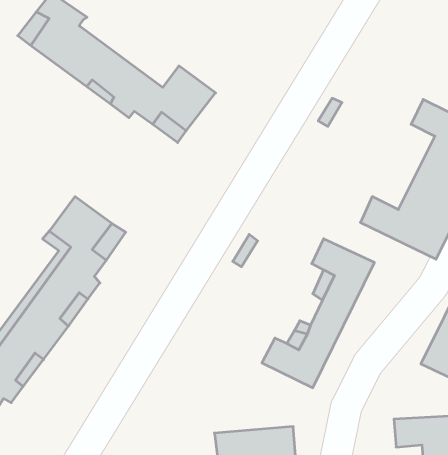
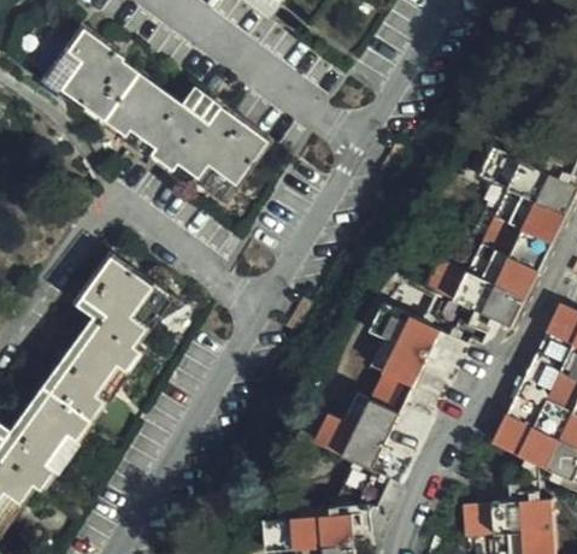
building: none -> [113,59,224,135]

